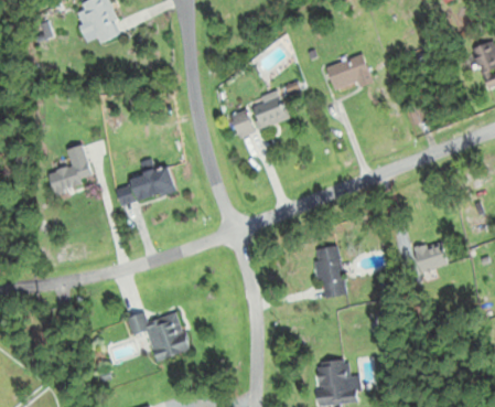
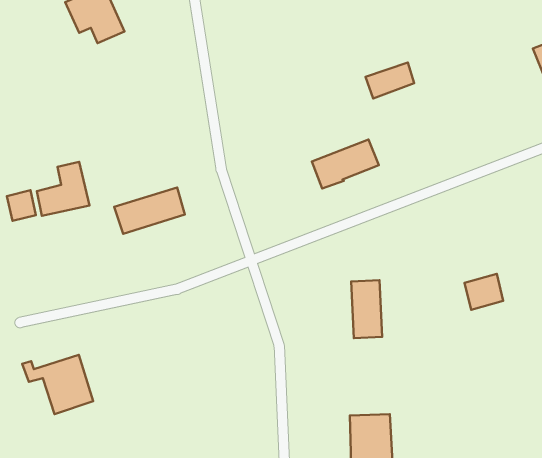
building: [230,95,288,137] -> [312,140,379,188]
building: none -> [7,190,36,221]
building: [129,309,190,360] -> [22,355,93,414]

